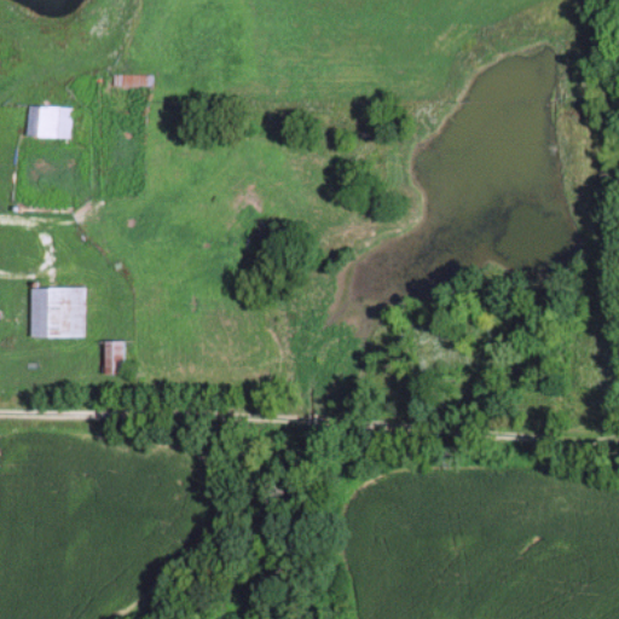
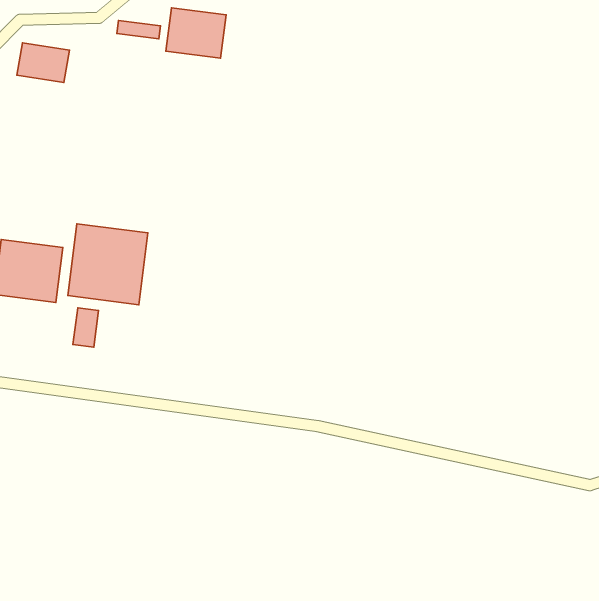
building: none -> [166,8,226,58]
building: none -> [68,224,148,305]

